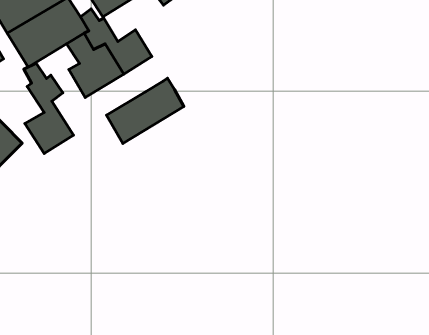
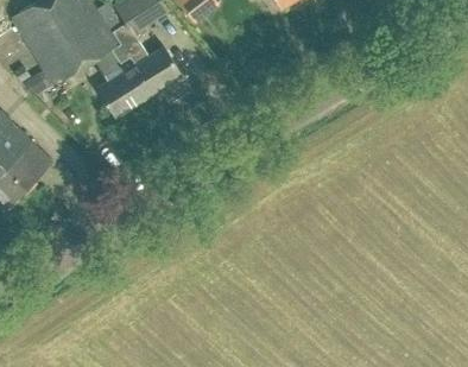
building: [24,63,73,153] -> none
building: [106,78,184,144] -> none

